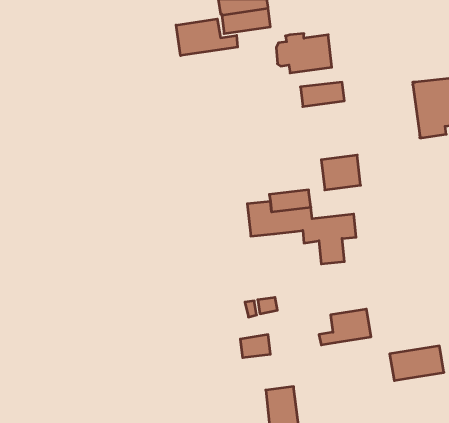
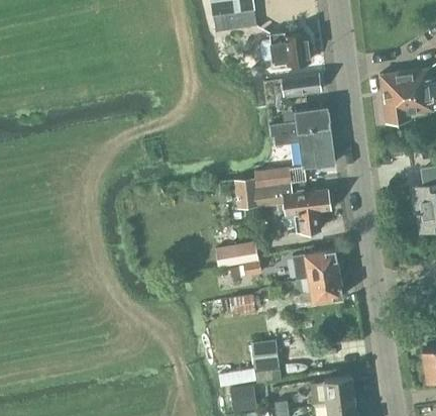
building: [176,19,238,56] -> none
building: none -> [275,108,331,145]
building: none -> [214,242,257,267]
building: [390,346,444,381] -> [292,249,339,280]

